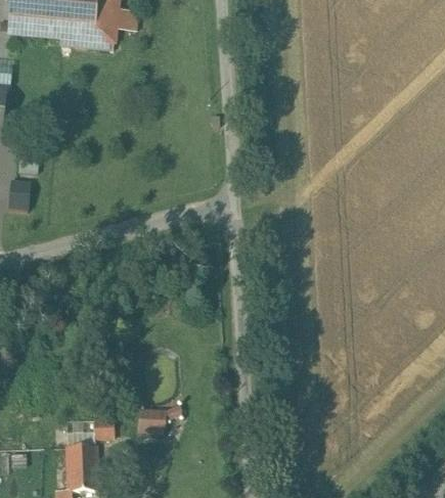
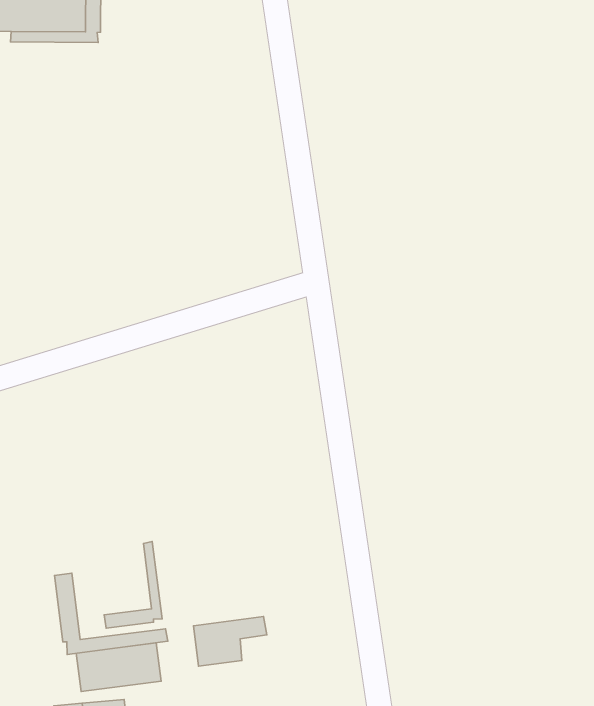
building: none -> [104,542,162,628]
building: none -> [54,573,168,654]

